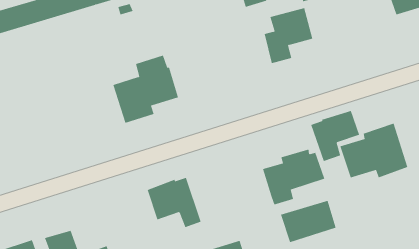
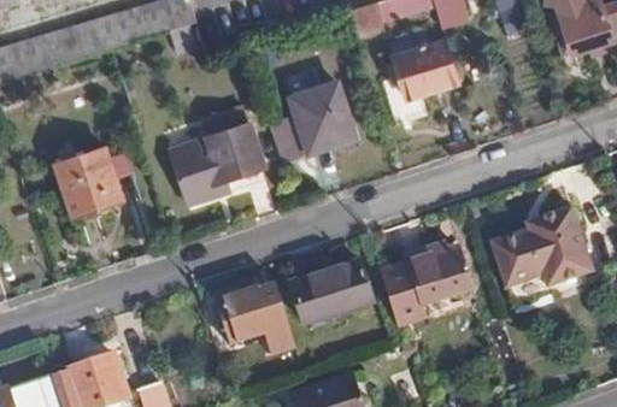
building: none -> [270,84,355,161]
building: none -> [58,147,124,223]
building: [311,110,360,162] -> none
building: [280,200,337,243] -> [292,260,372,322]

